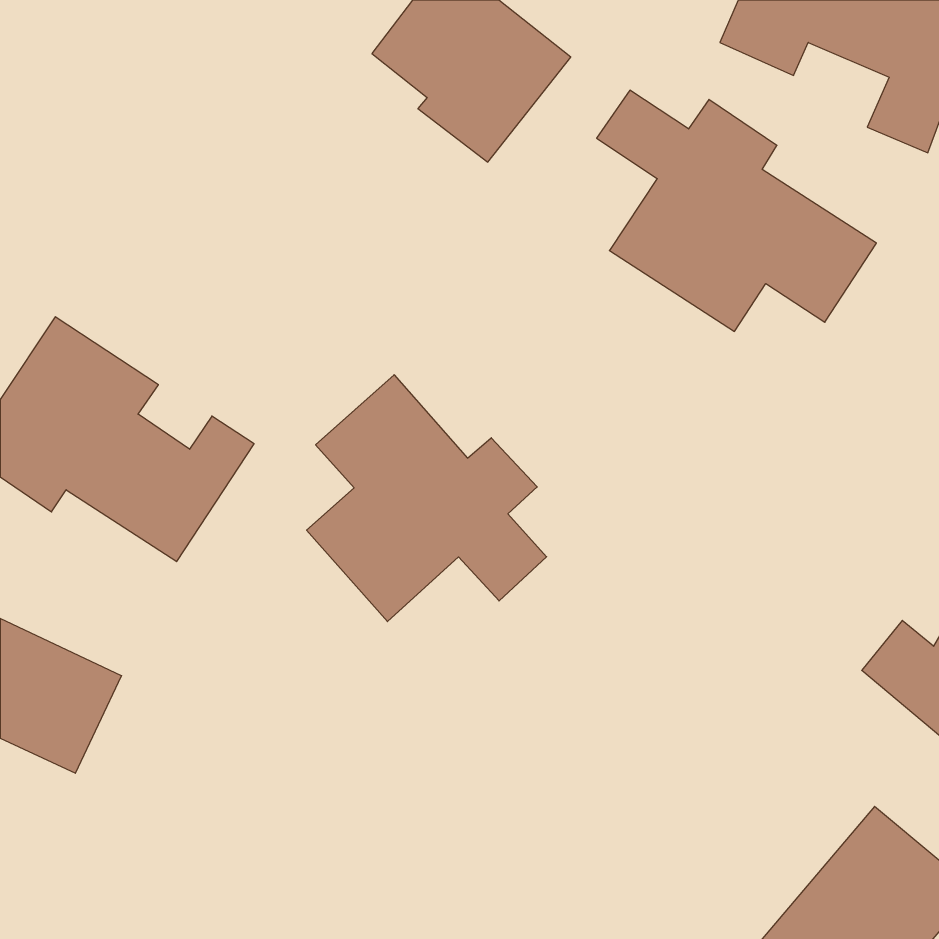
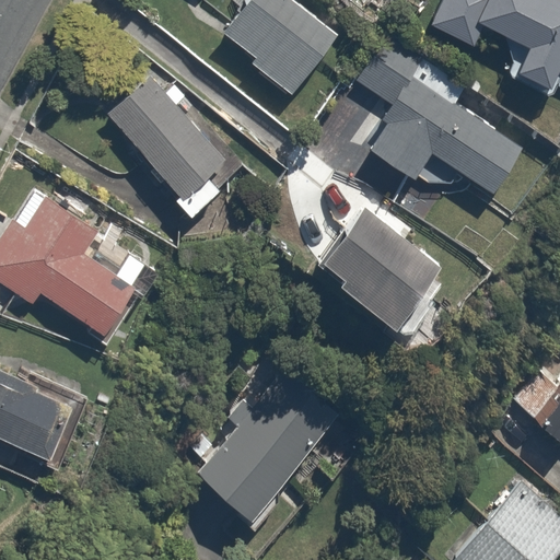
building: none -> [107,75,228,219]
building: none -> [323,207,447,340]
building: [307,375,547,622] -> none
building: none -> [196,366,338,518]

